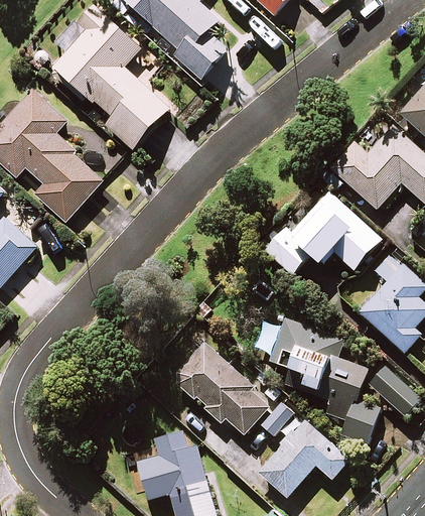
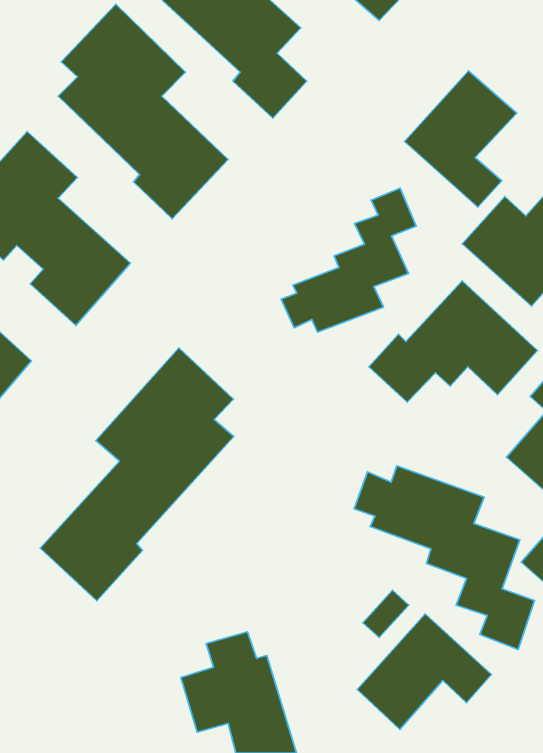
building: none -> [405,71,517,207]
building: none -> [281,188,416,332]
building: none -> [40,348,234,601]
building: [171,342,272,434] -> none

